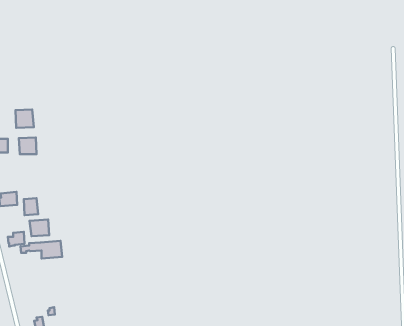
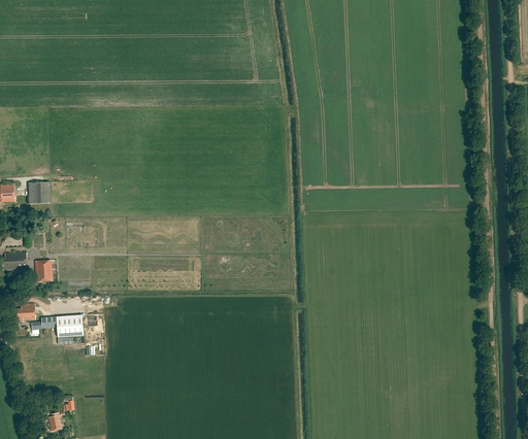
building: [15,109,34,128] -> none
building: [30,220,49,236] -> none

